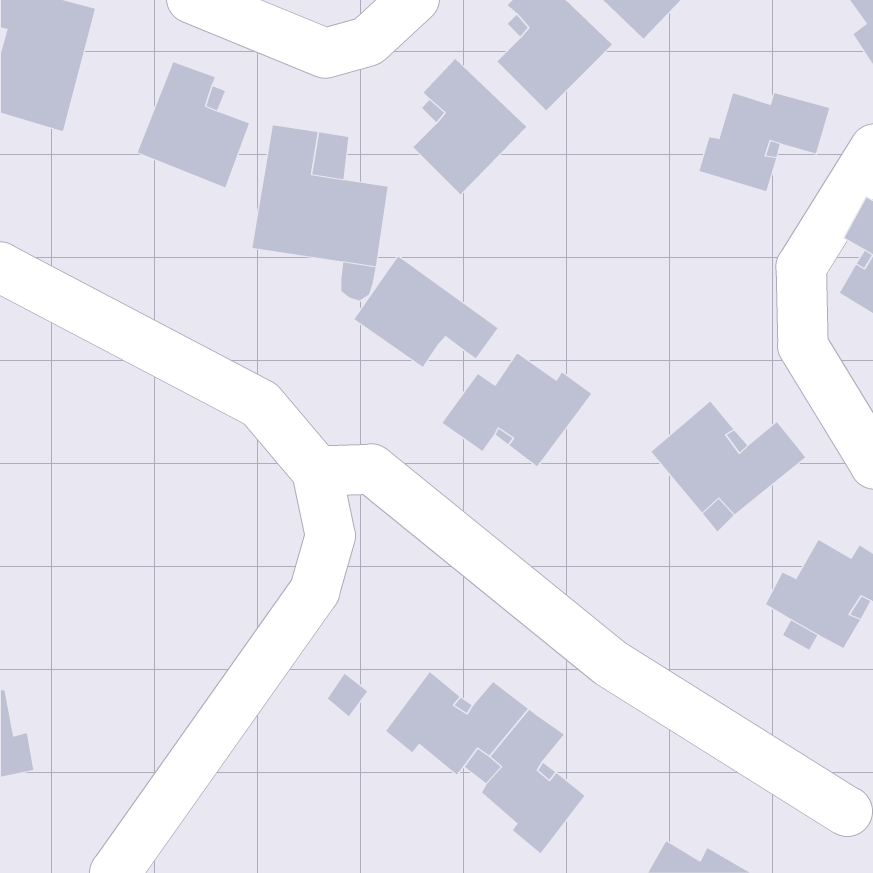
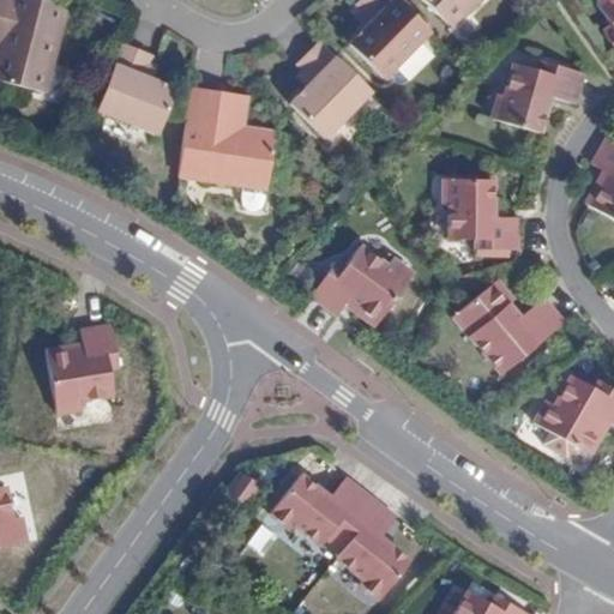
building: [354,255,498,368] -> none
building: none -> [443,180,520,249]
building: none -> [46,321,120,411]

